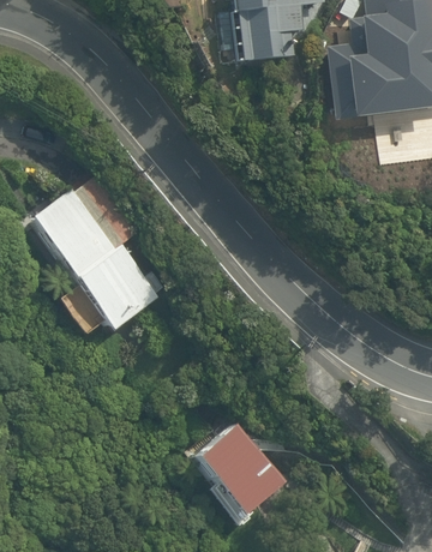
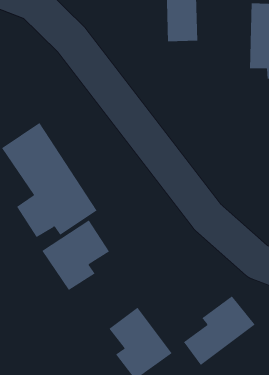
building: none -> [41,219,110,291]
building: none -> [183,295,255,366]

